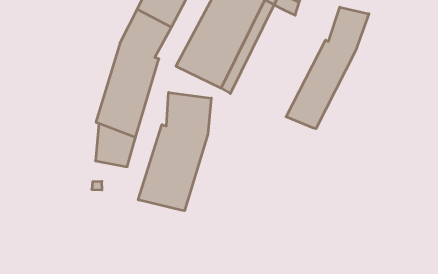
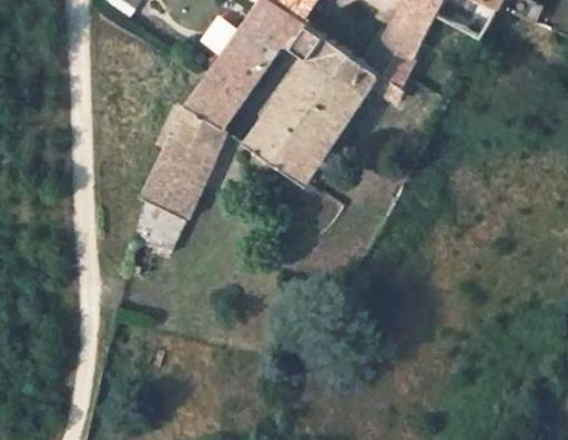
building: [286,7,369,129] -> none
building: [138,92,211,211] -> none

